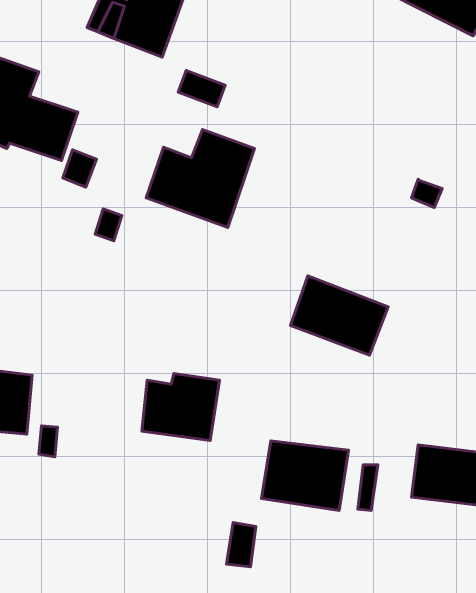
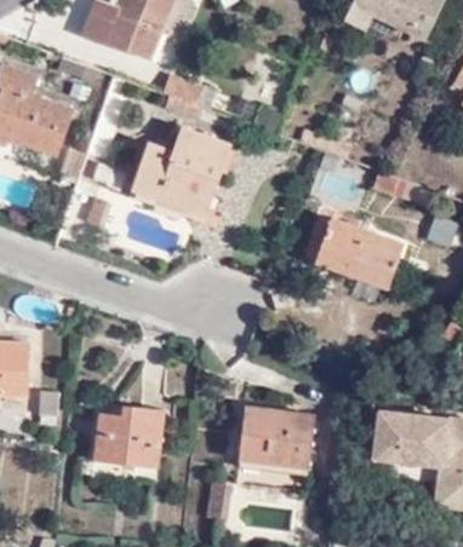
building: [290,276,388,355] -> [315,217,404,288]
building: [142,373,219,441] -> [92,411,162,472]

